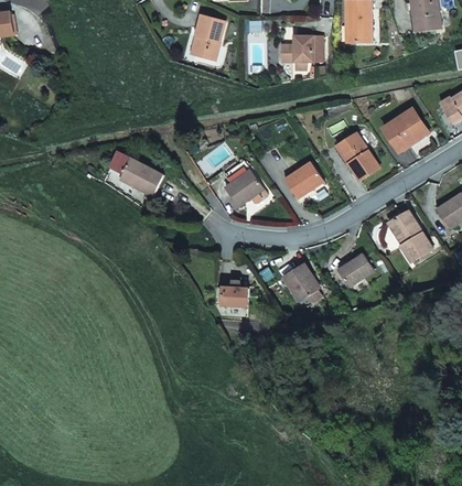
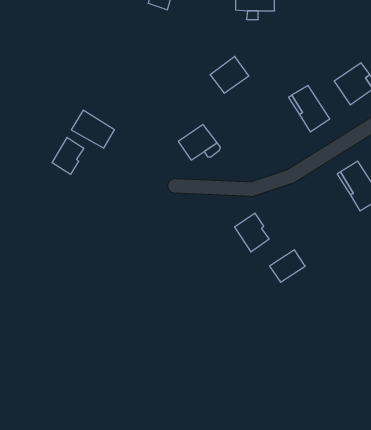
building: [282,162,322,199] -> [210,56,249,93]
building: none -> [52,137,84,174]
building: [336,253,373,287] -> [270,250,305,282]
building: [219,288,247,307] -> none

